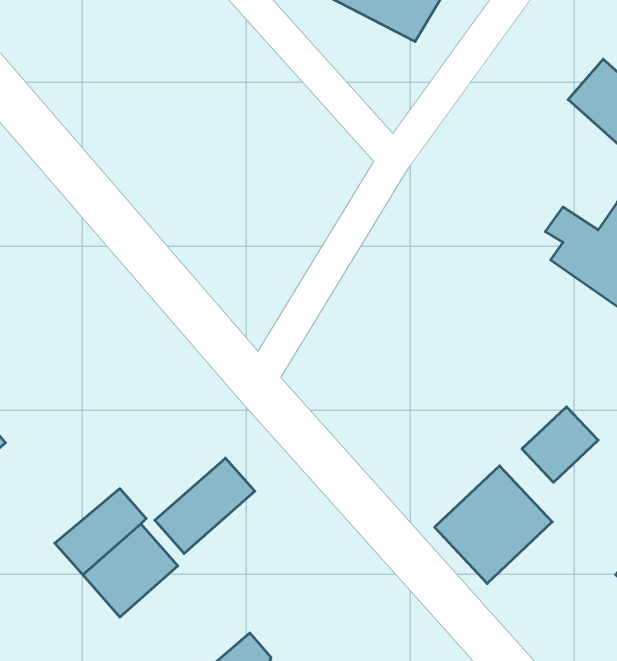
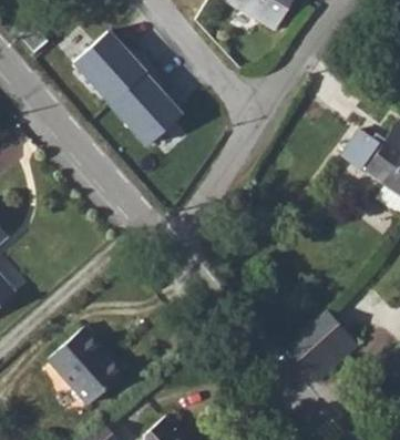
building: none -> [73,23,182,142]
building: [522,407,598,482] -> none
building: [155,458,255,554] -> none

